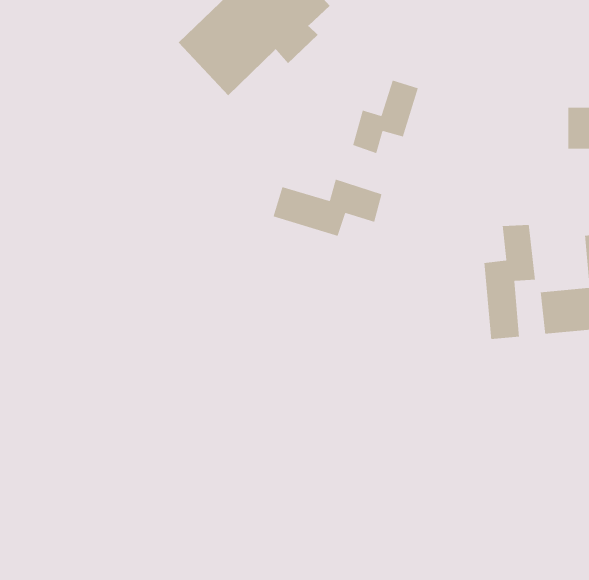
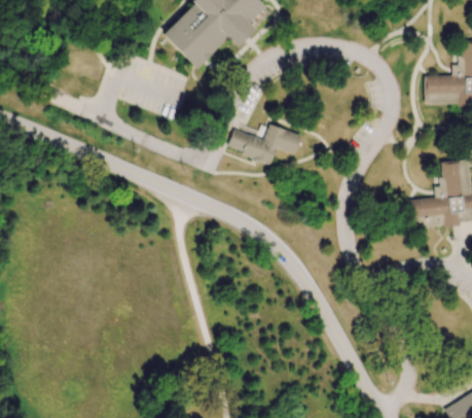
building: [352,80,419,154] -> none
building: [483,224,536,340] -> none

